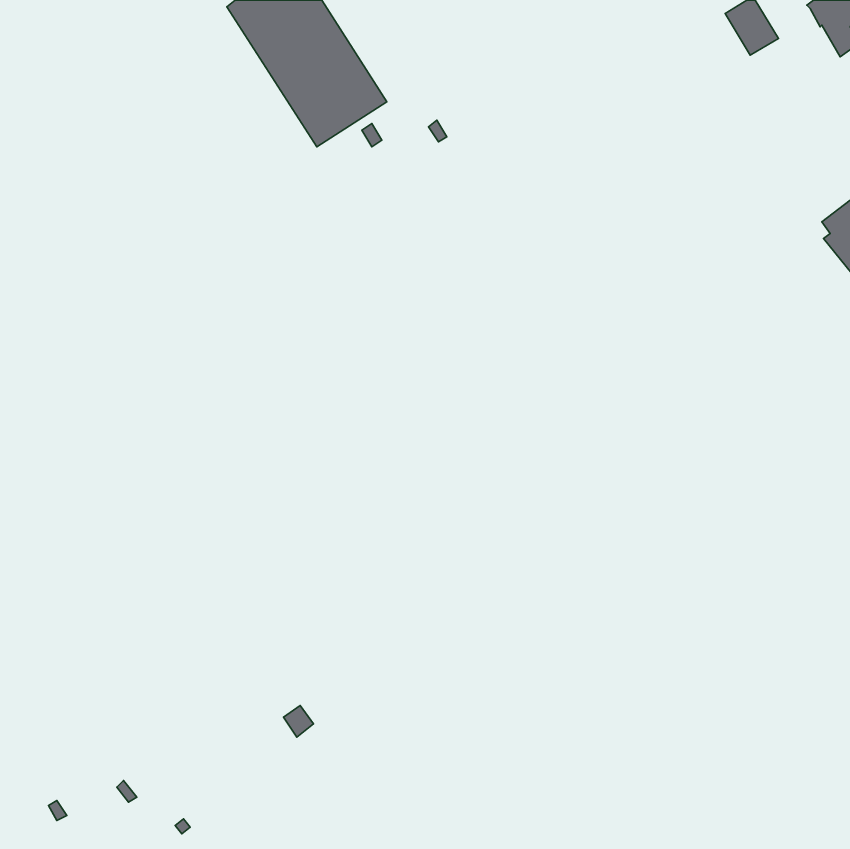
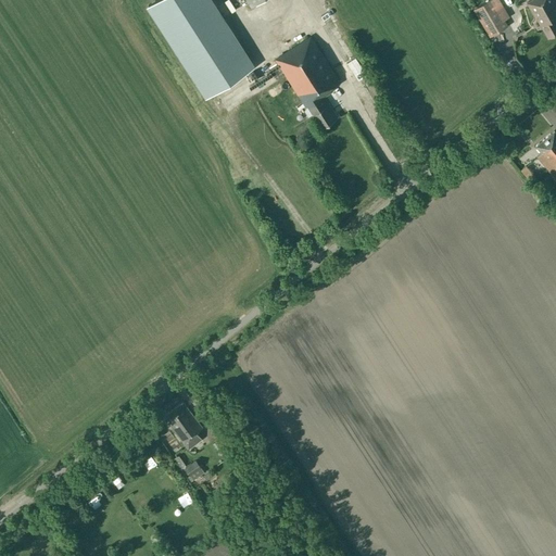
building: none -> [270,38,340,129]
building: none -> [166,403,203,451]

